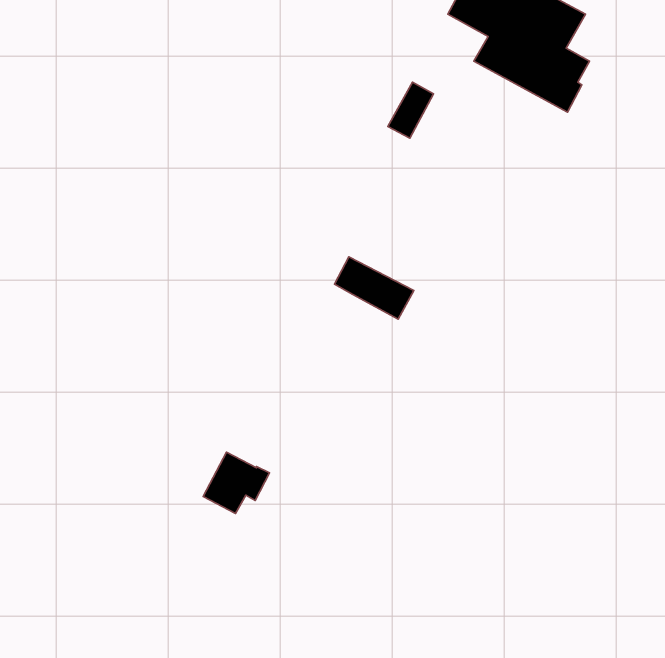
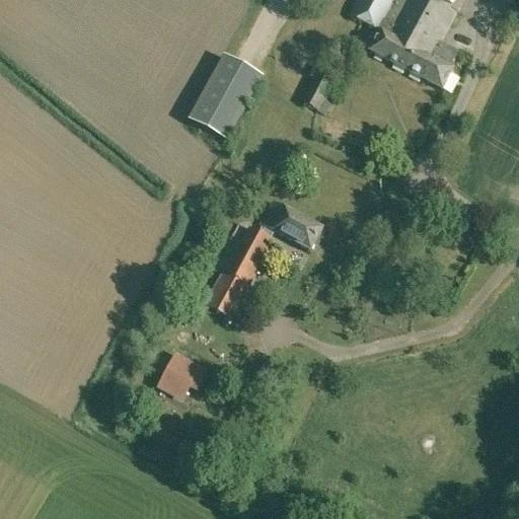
building: none -> [189,54,263,137]
building: none -> [209,223,274,311]

